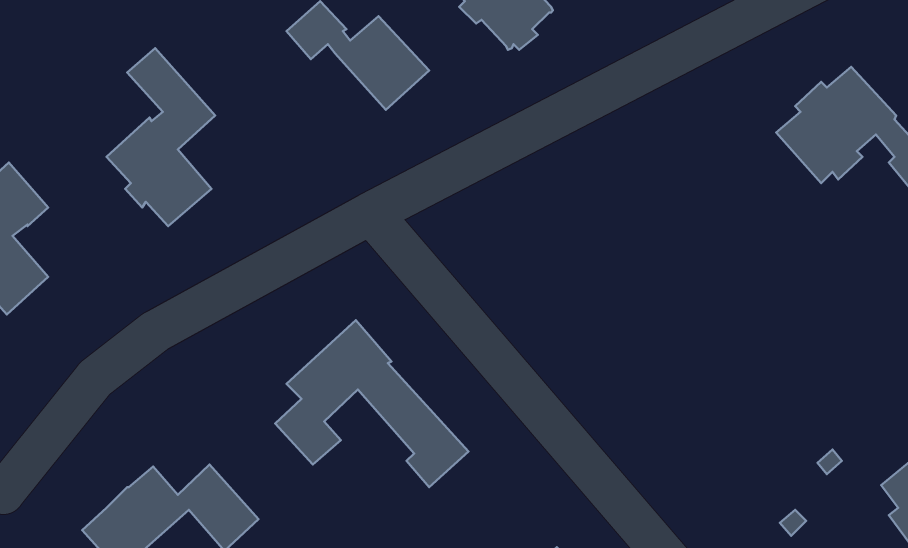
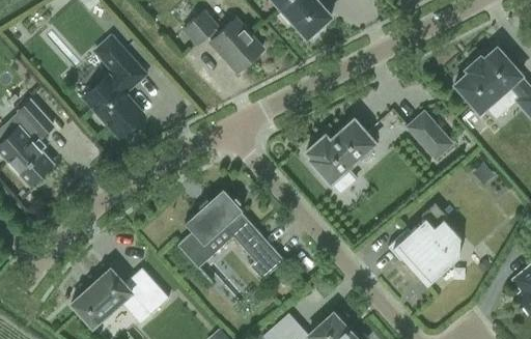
building: none -> [409,112,452,158]
building: none -> [307,119,375,194]
building: none -> [388,218,462,281]

